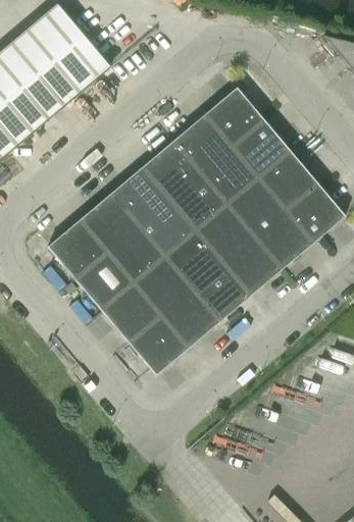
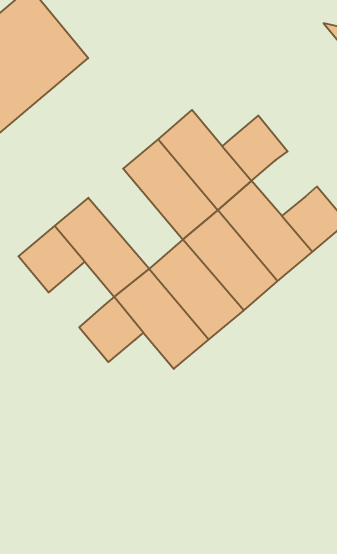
building: [205,86,265,146] -> none
building: [259,151,318,209] -> none
building: [111,166,197,257] -> none
building: [75,251,135,310] -> none
building: [130,315,189,374] -> none

